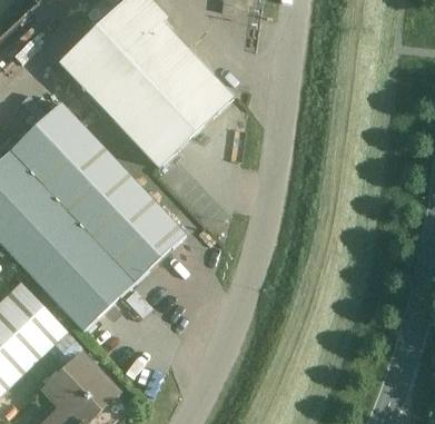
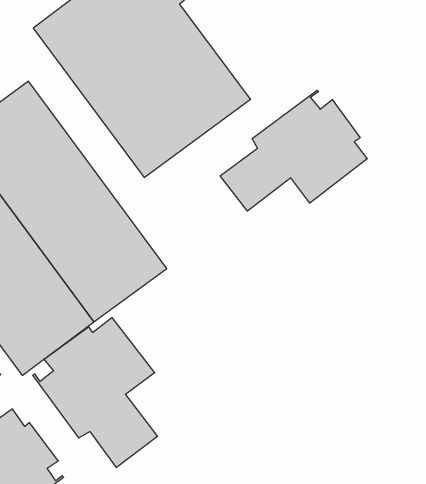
building: none -> [220,90,367,211]
building: none -> [33,318,157,468]

